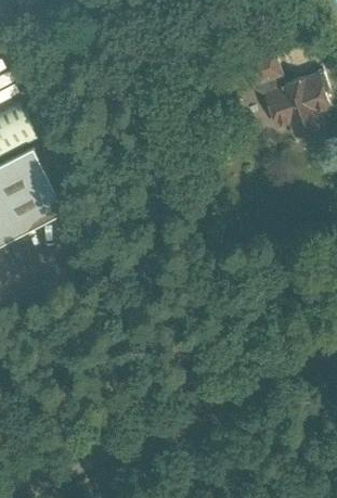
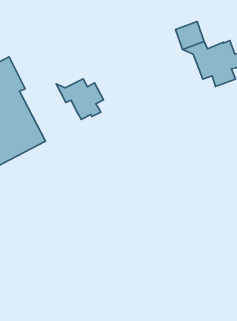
building: none -> [56,79,103,120]

